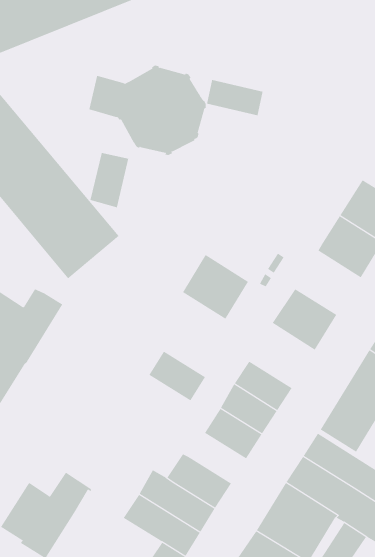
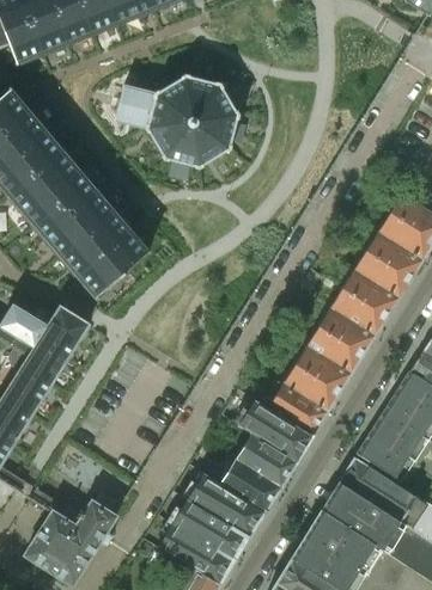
building: [206,79,263,116] -> none
building: [90,152,129,208] -> none
building: none -> [331,266,401,333]
building: [182,254,249,320] -> [284,342,353,410]
building: [148,351,206,401] -> [221,456,281,509]

